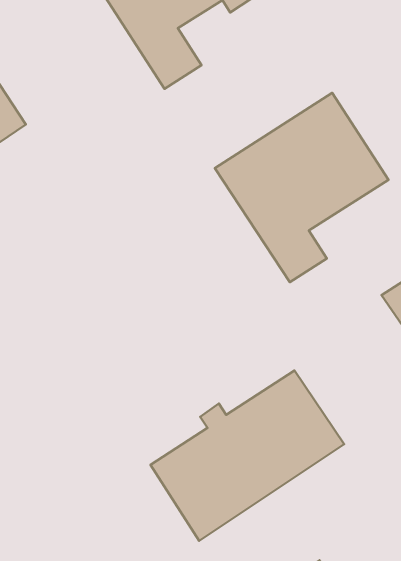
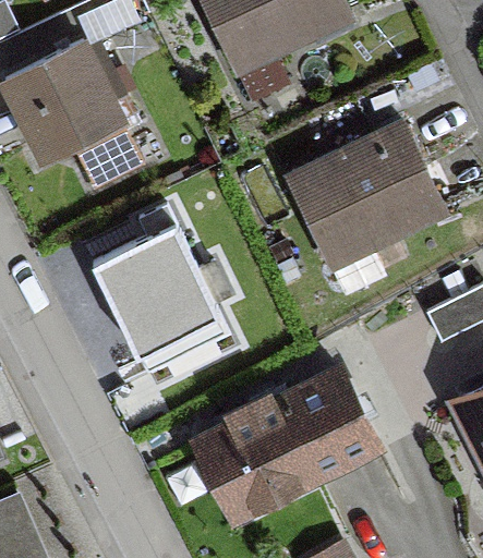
building: none -> [93,225,228,367]

